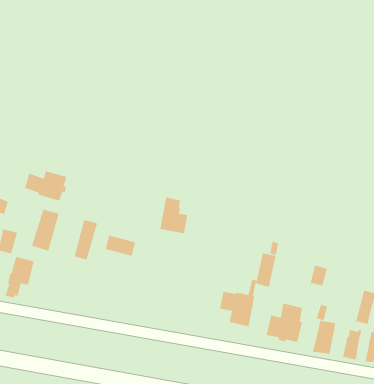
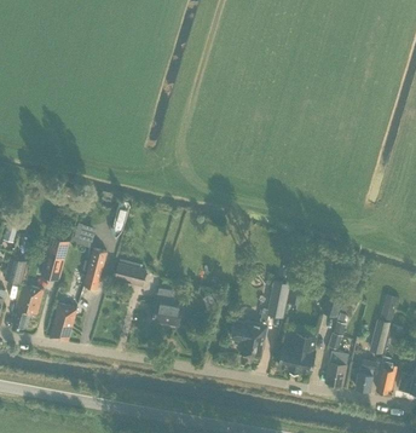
building: [24,170,67,201] -> none
building: [159,197,188,234] -> [152,288,181,325]
building: none -> [50,304,76,341]

